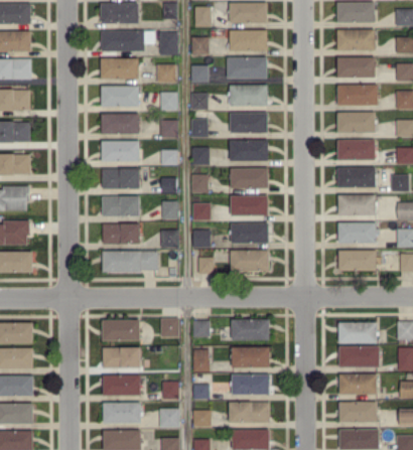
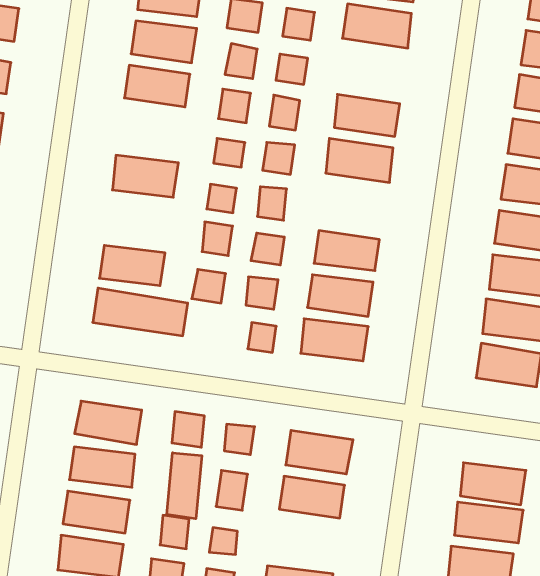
building: [230,85,268,106] -> none
building: [102,141,140,162] -> none
building: [230,168,269,189] -> none
building: [103,195,140,216] -> none
building: none -> [167,453,202,519]
building: [232,374,270,395] -> none

